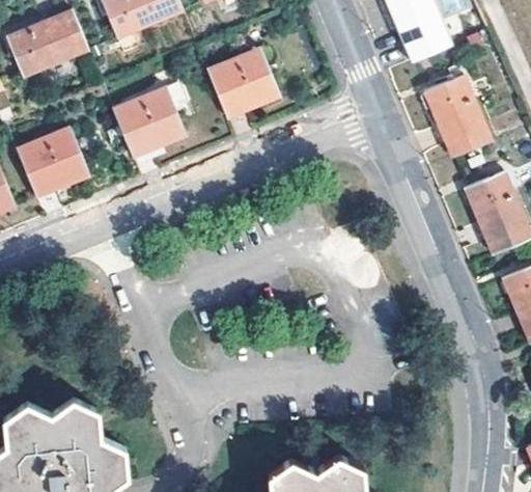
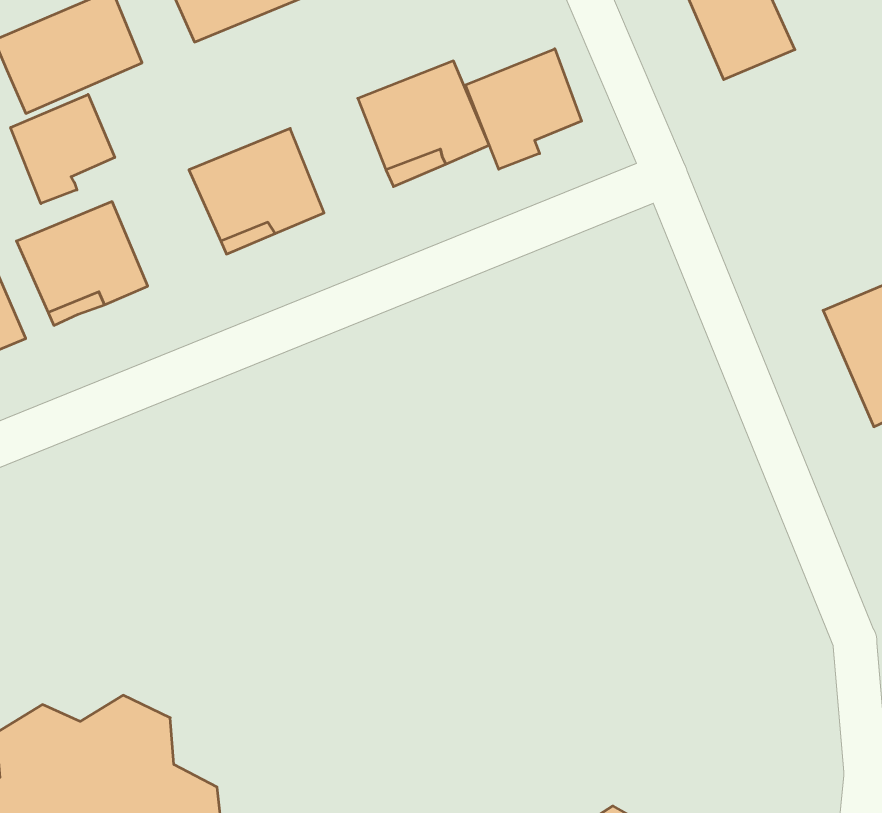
building: none -> [466,49,582,169]
building: none -> [11,94,115,204]
building: [422,75,490,155] -> none

